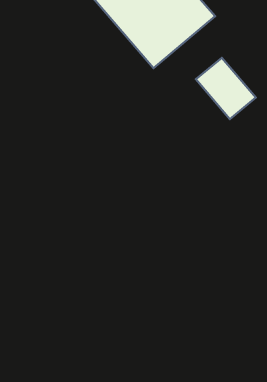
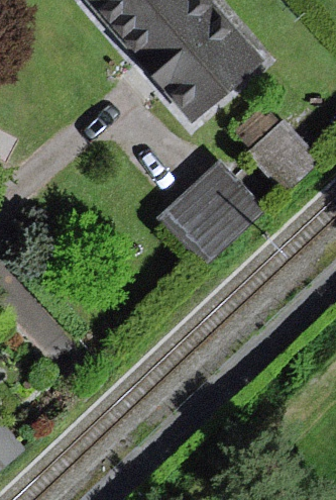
building: none -> [157,162,265,266]

